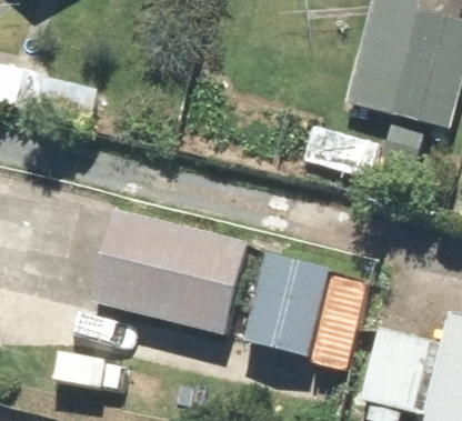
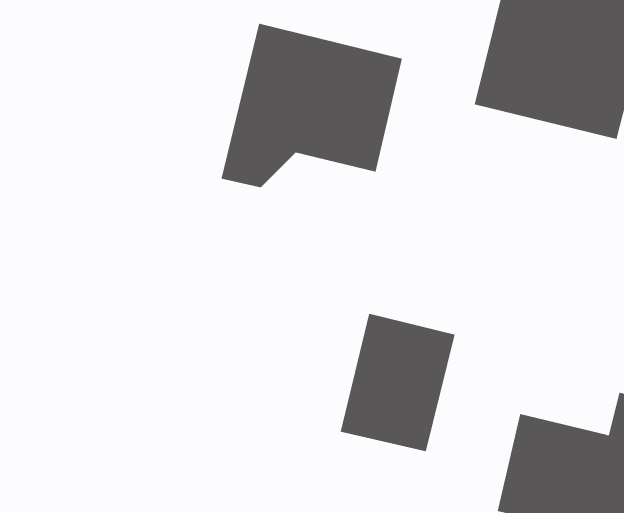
building: none -> [221,23,403,188]
building: [93,210,248,333] -> none

